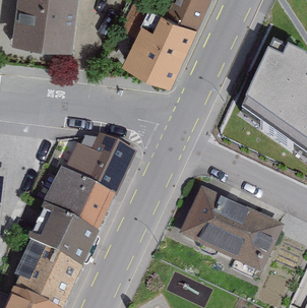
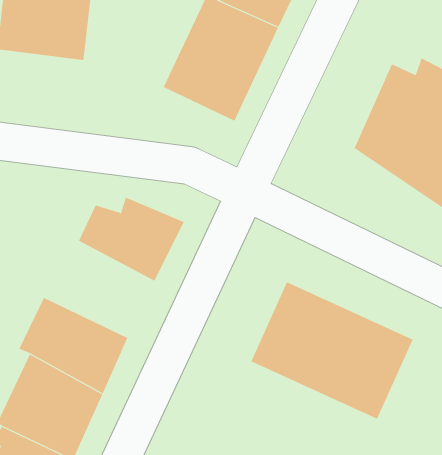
building: [43,163,115,228] -> none

